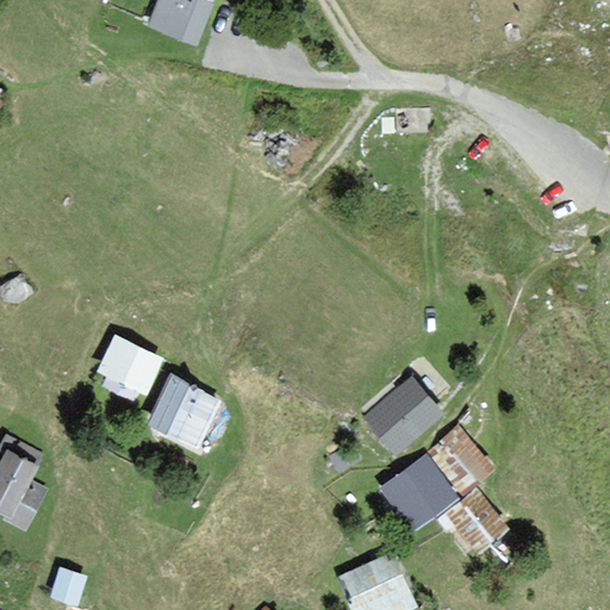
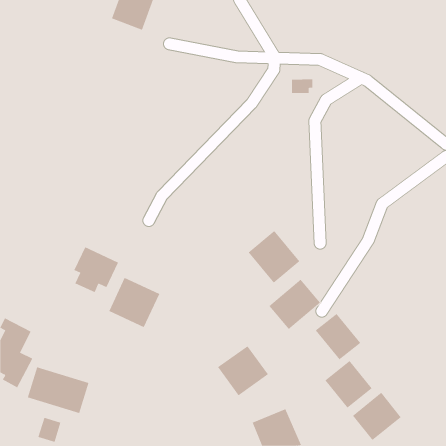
building: none -> [248,230,300,283]
building: [384,458,454,527] -> [217,345,269,396]
building: none -> [27,367,89,414]
building: none -> [352,392,401,441]

